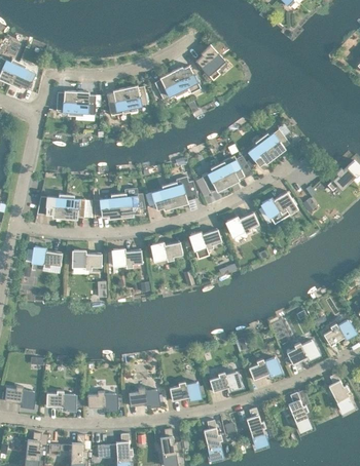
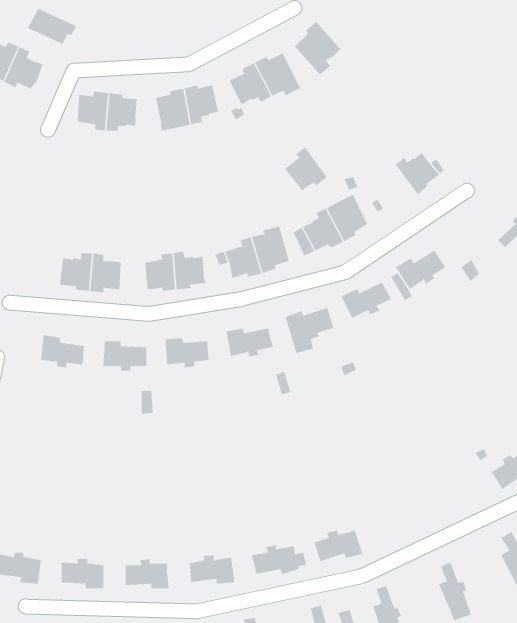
building: none -> [27,8,77,45]
building: [247,138,275,166] -> [284,146,327,191]
building: [285,340,318,364] -> none
building: [247,357,279,380] -> none

